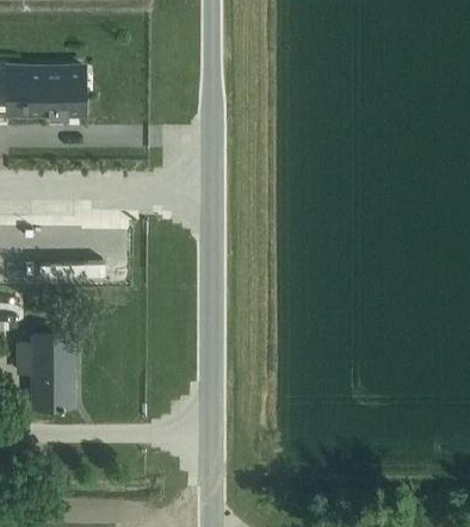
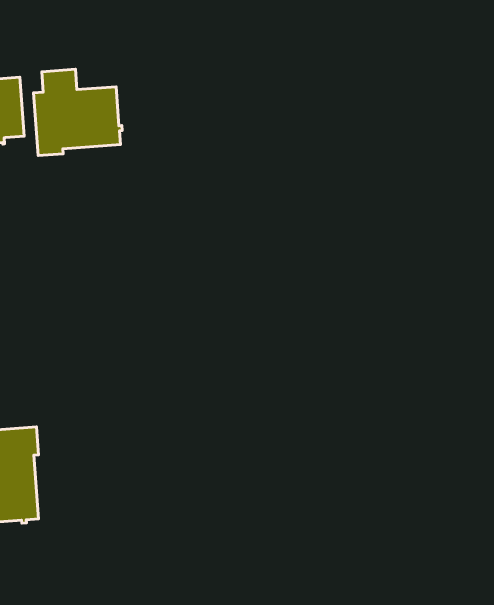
building: none -> [33,69,122,156]

